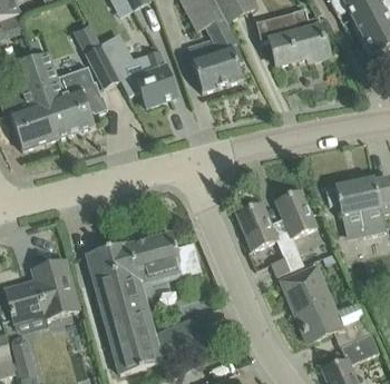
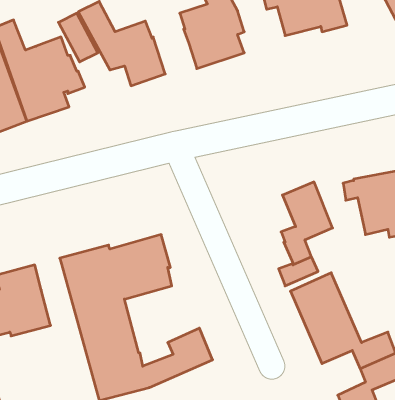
building: [235,200,276,249] -> none

